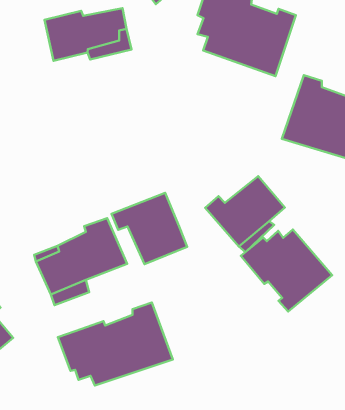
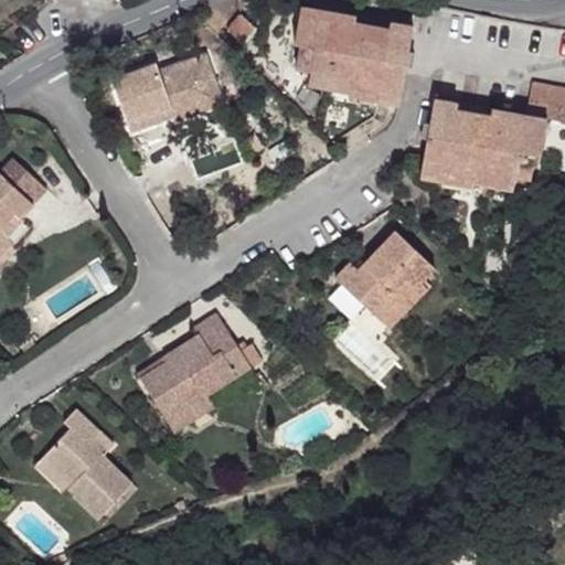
building: [112,193,187,264] -> none
building: [241,230,332,312] -> none
building: [58,303,173,386] -> none

